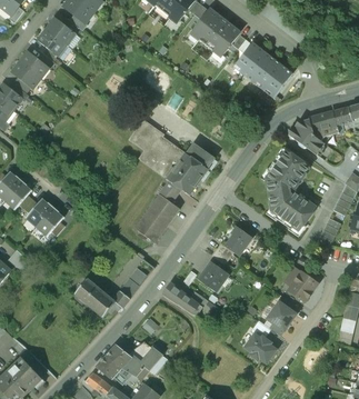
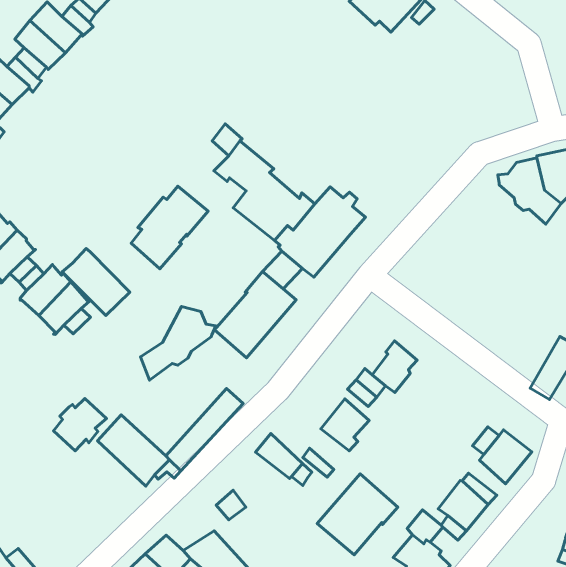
building: [232,42,292,99] -> none
building: none -> [131,186,208,269]
building: [265,151,315,231] -> none
building: none -> [62,248,130,316]
building: none -> [141,306,216,380]
building: none -> [53,399,107,451]
building: none -> [317,474,398,555]

